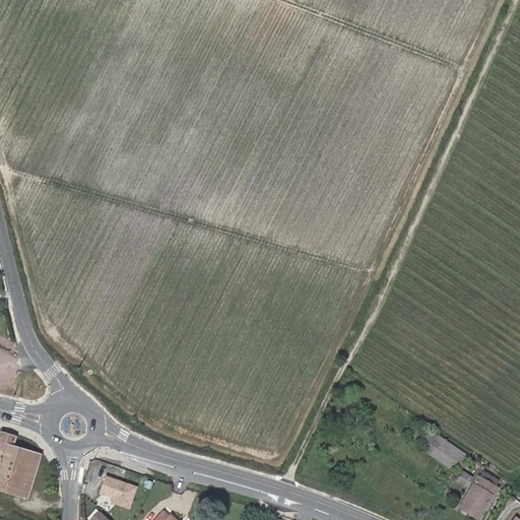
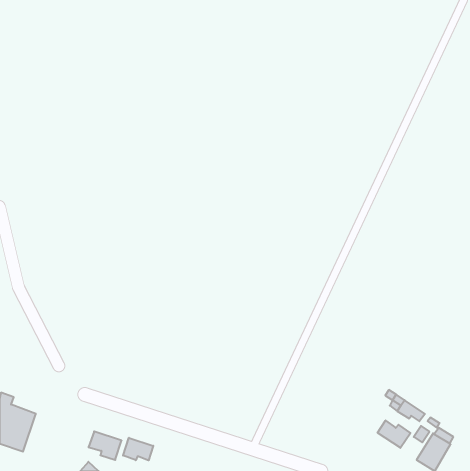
building: none -> [378,420,410,448]
building: none -> [123,438,153,460]

